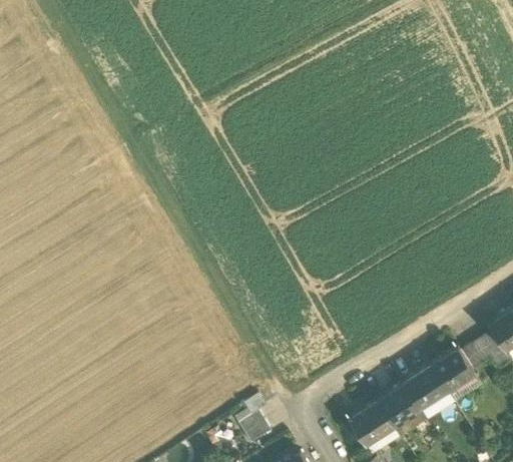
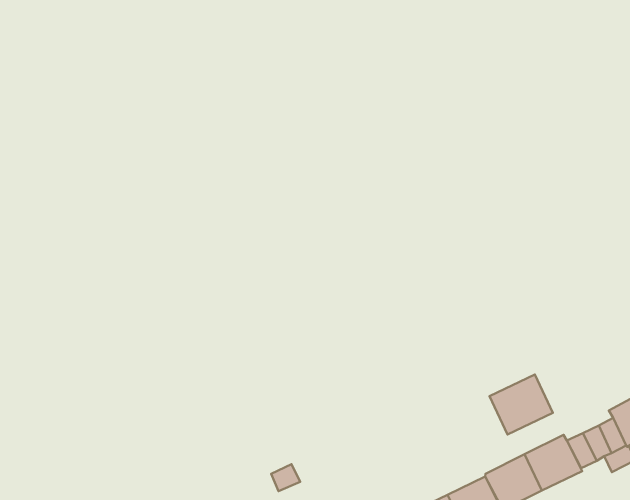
building: none -> [490,374,553,434]

